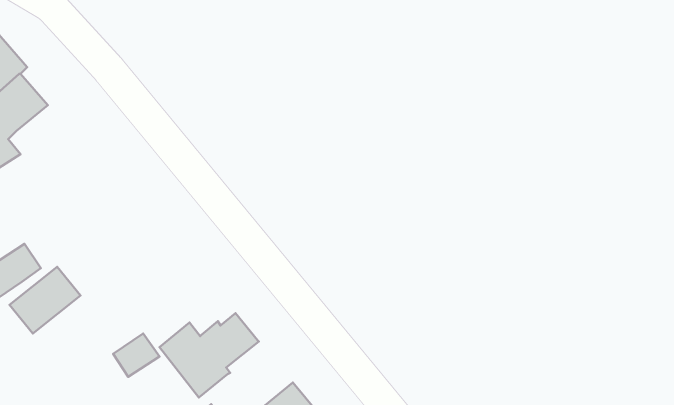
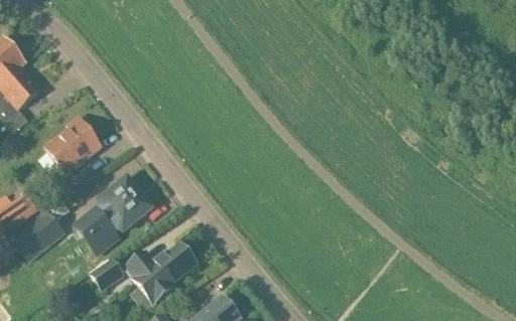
building: none -> [42,115,101,173]
building: none -> [77,175,151,247]

